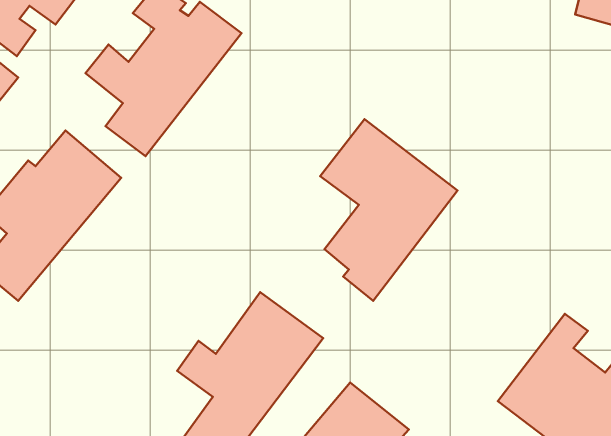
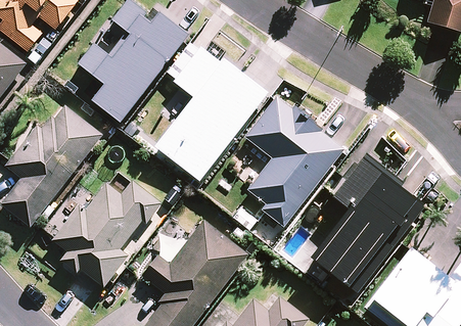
building: none -> [155,45,267,180]
building: none -> [312,154,415,289]
building: none -> [53,181,160,286]

